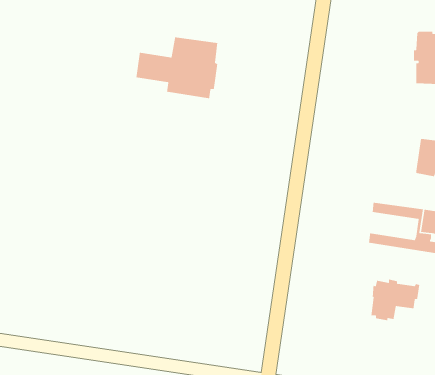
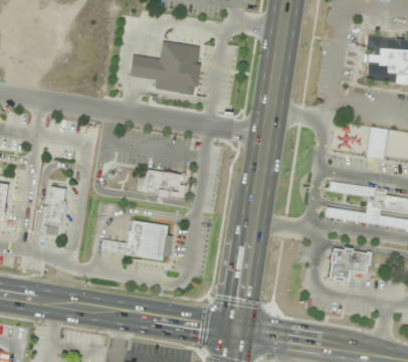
building: none -> [138,169,189,198]
building: none -> [45,186,66,225]
building: none -> [100,220,173,260]

